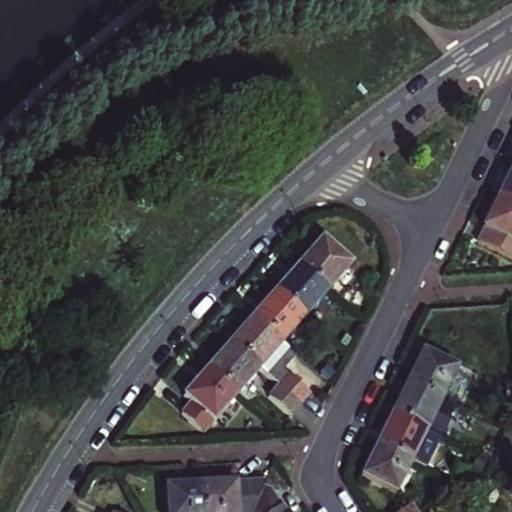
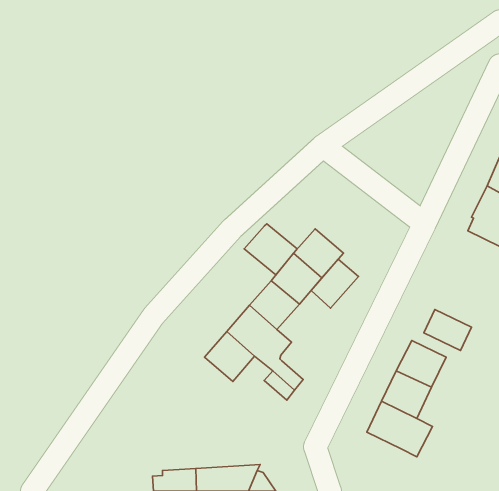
building: none -> [244,224,297,275]
building: none -> [311,259,358,308]
building: none -> [424,309,471,350]
building: [185,365,239,427] -> none
building: [361,442,411,490] -> none

